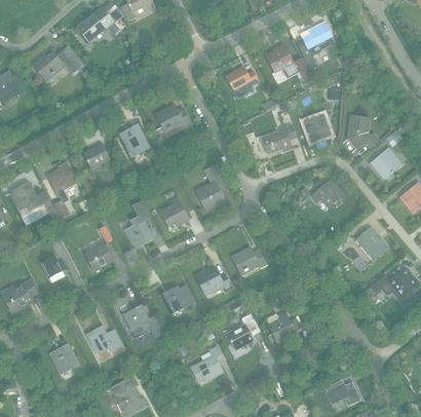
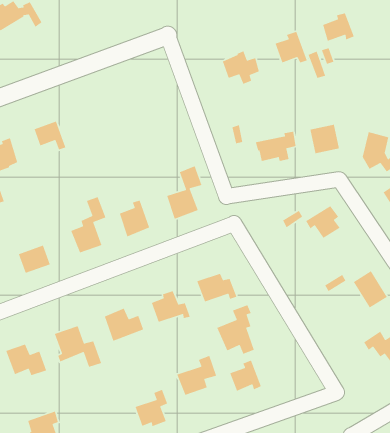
building: [156,105,191,130] -> none
building: [119,124,150,156] -> none
building: none -> [216,304,255,355]

